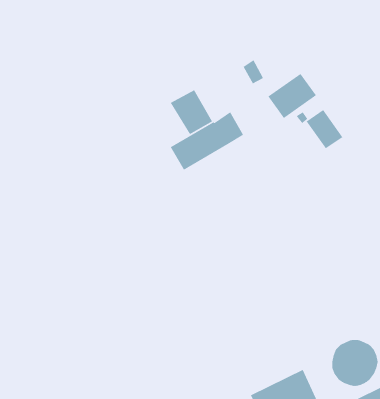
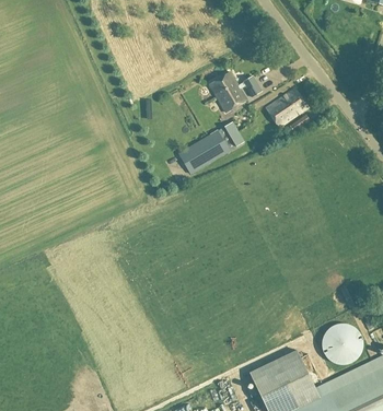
building: [170,89,213,135] -> [209,71,247,111]
building: [306,109,343,149] -> none

